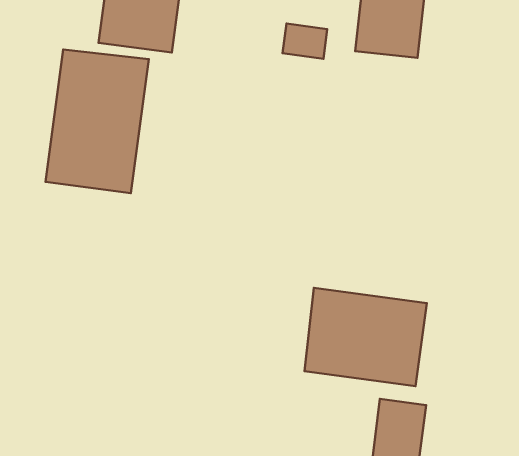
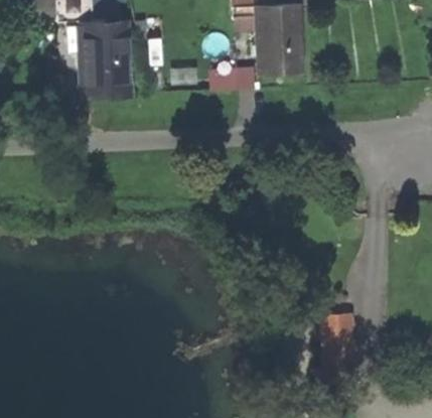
building: [45,50,149,193] -> none
building: [304,288,427,386] -> none

